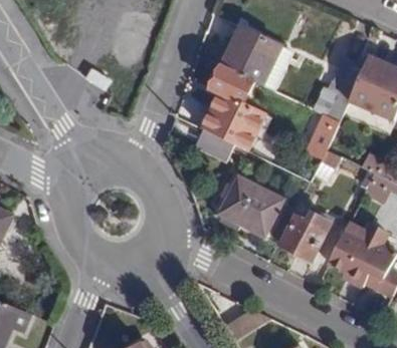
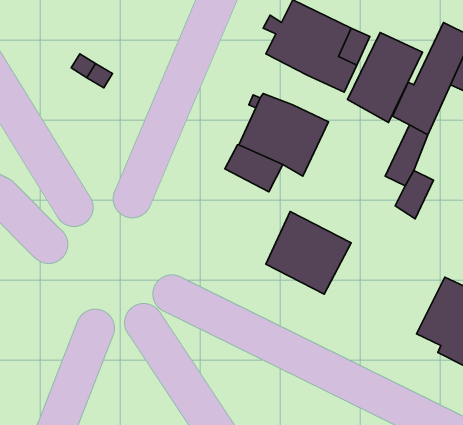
building: none -> [348,32,423,122]
building: [211,65,251,101] -> none
building: [281,210,335,263] -> none

